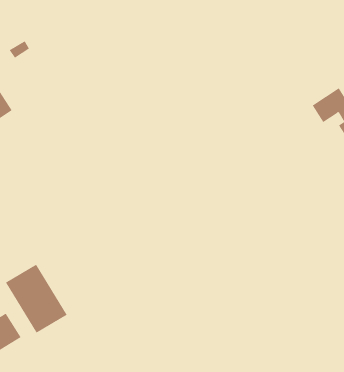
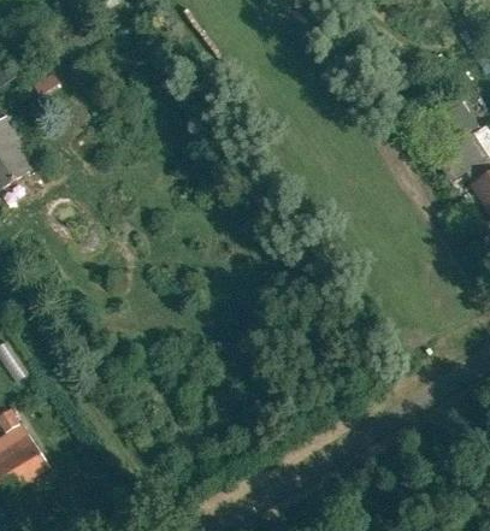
building: [5,264,68,333] -> none

